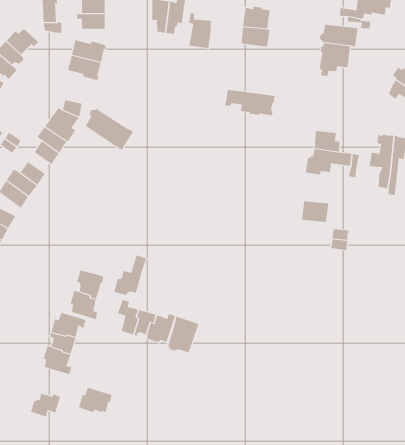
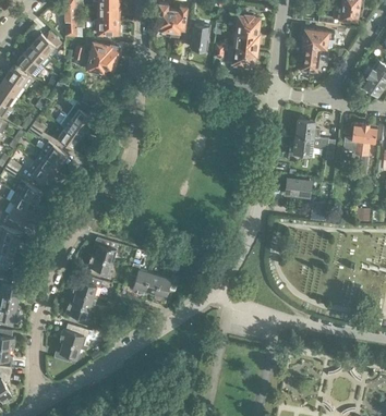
building: [224,89,276,116] -> [213,42,256,65]
building: [85,108,134,151] -> none
building: [114,254,147,296] -> none
building: [166,316,199,353] -> none
building: [78,387,113,413] -> [59,323,88,345]

